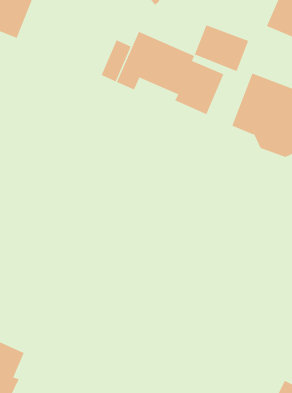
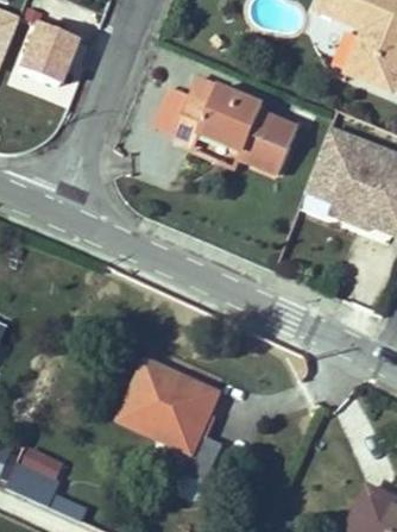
building: [194,25,249,72] -> none
building: none -> [120,362,222,482]

